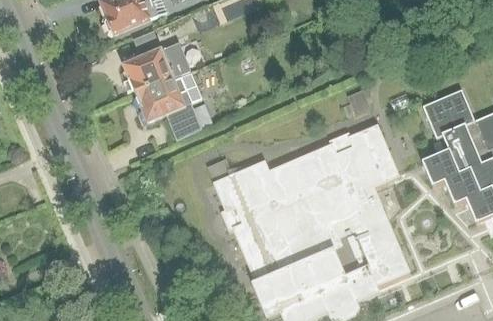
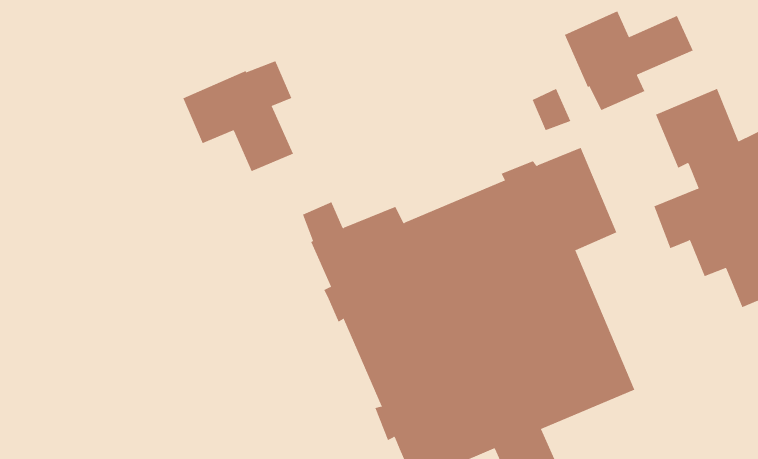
building: none -> [564,10,694,111]
building: [121,44,186,93] -> none

